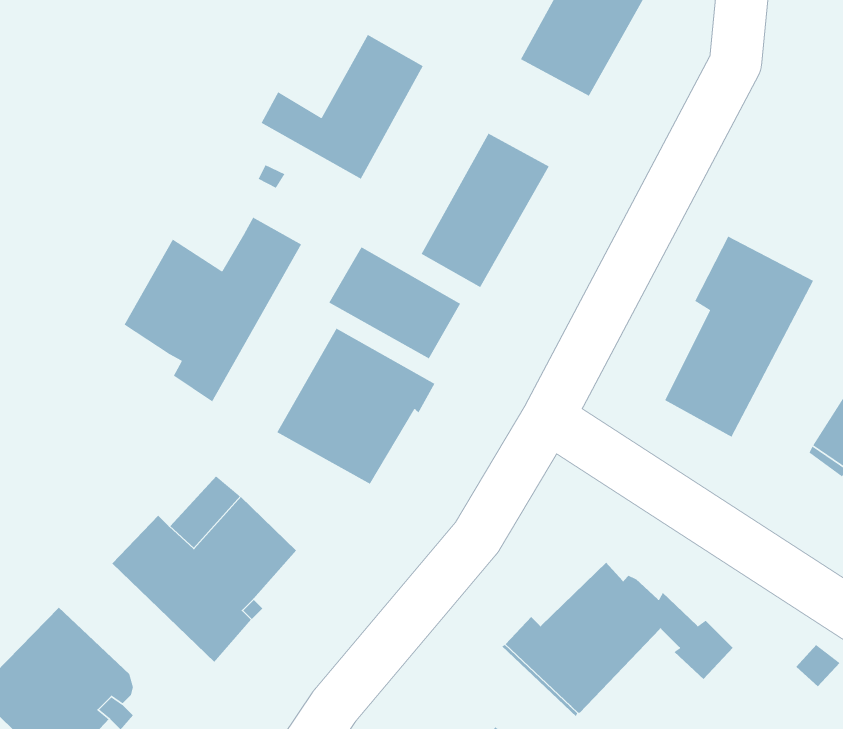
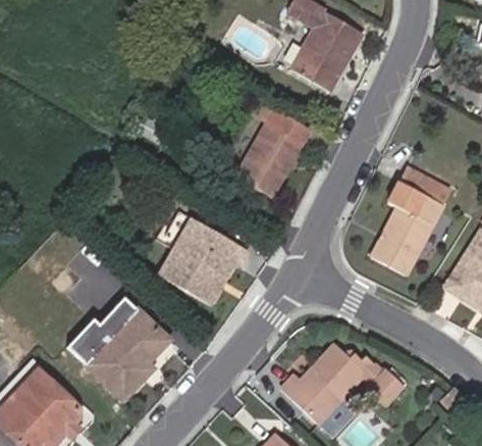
building: [260,34,424,180] -> none
building: [124,216,302,403] -> none
building: [328,246,461,359] -> none

